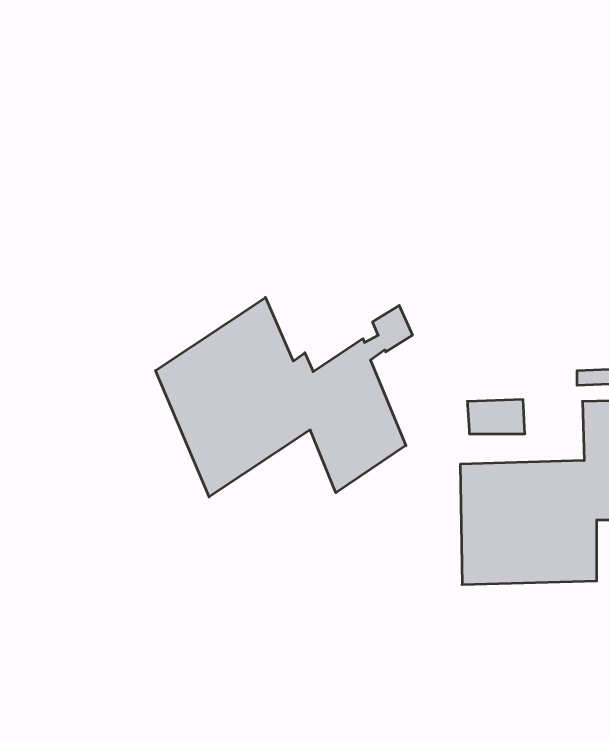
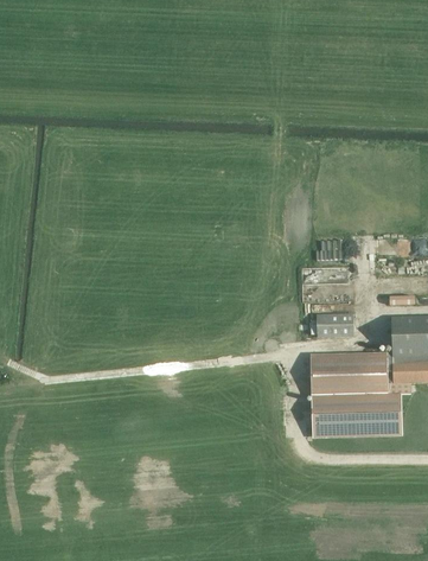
building: [156,297,412,497] -> none

